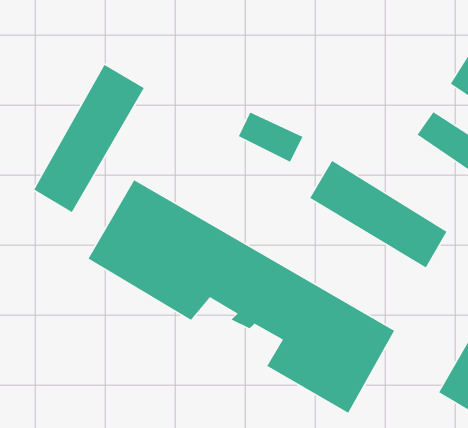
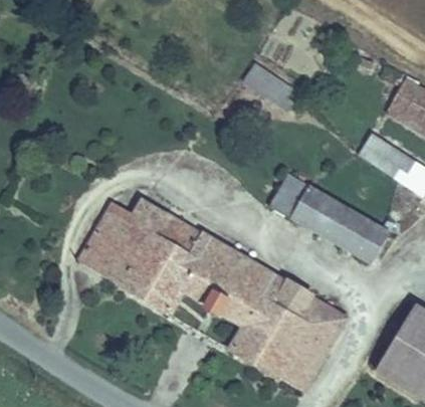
building: [33,64,145,213] -> none
building: [238,112,304,163] -> [241,61,296,105]

